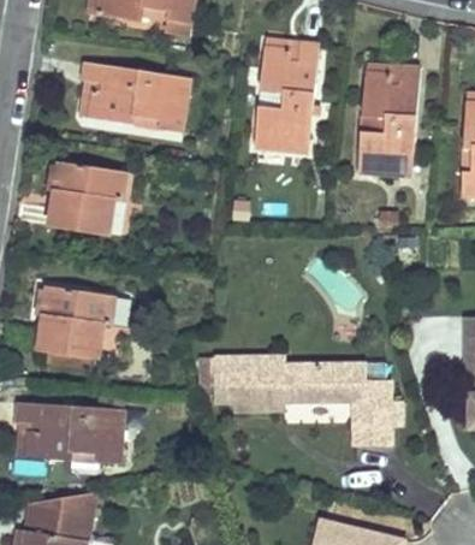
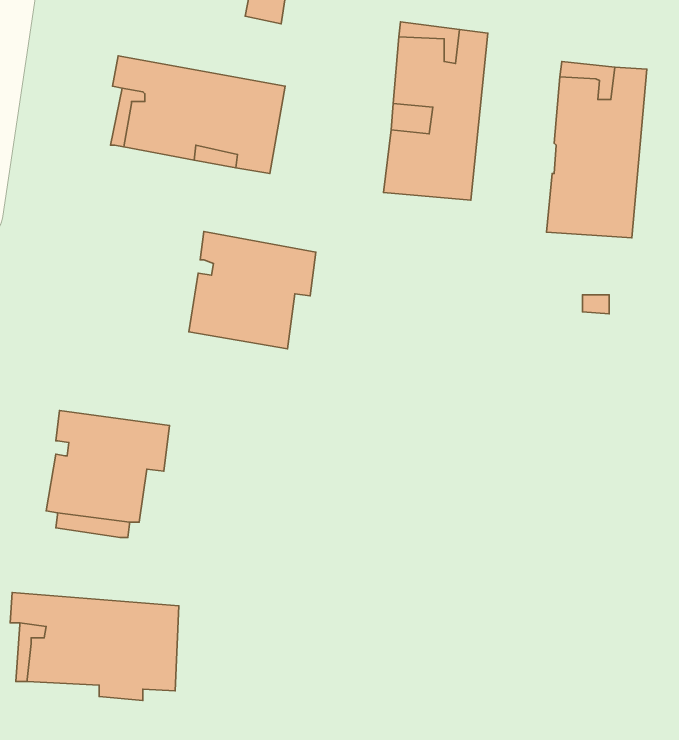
building: [48,161,129,236] -> [189,231,316,349]
building: [216,354,402,442] -> none

